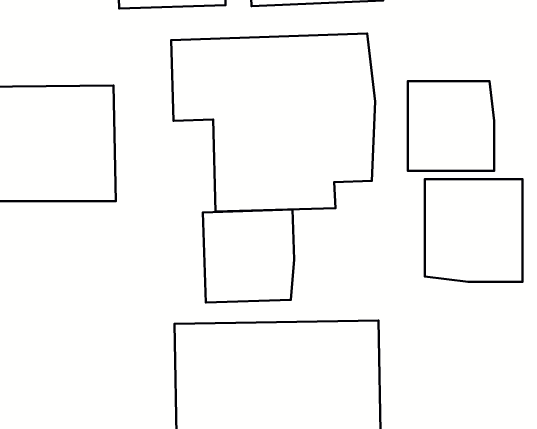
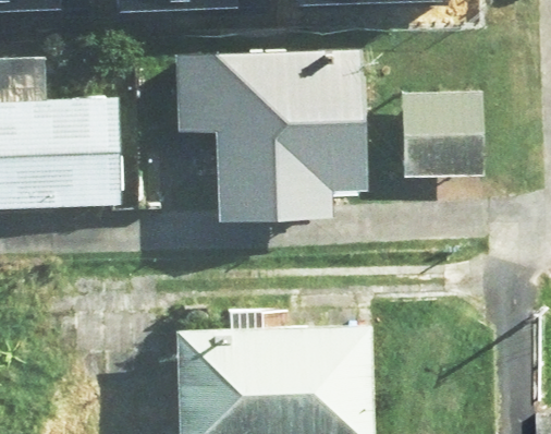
building: [425,179,522,282] -> none
building: [203,209,294,303] -> none

